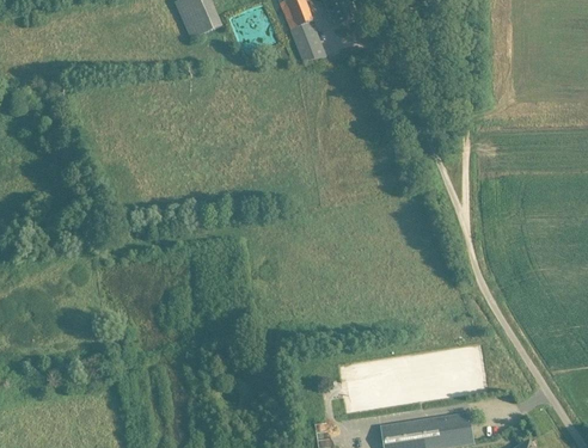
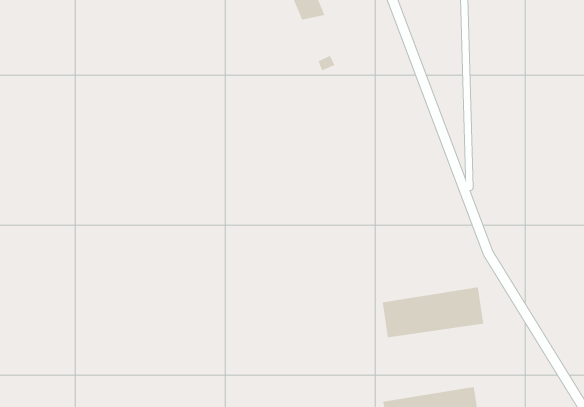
building: none -> [382,287,484,338]

